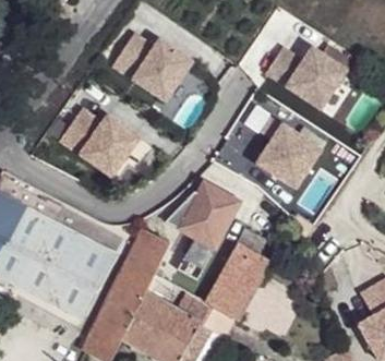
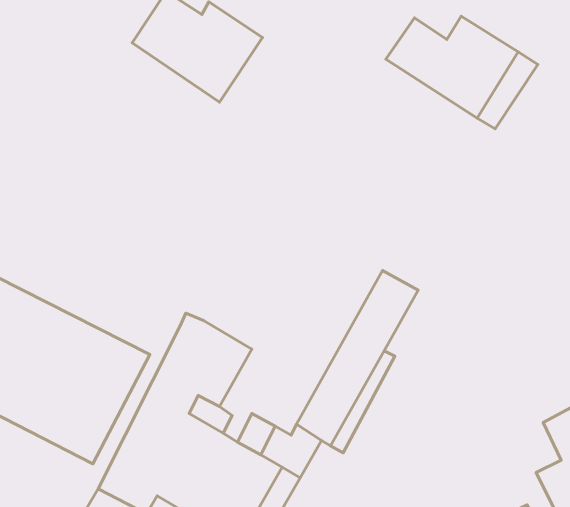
building: [58,106,137,173] -> none
building: [254,117,318,190] -> none
building: [167,183,242,281] -> none

